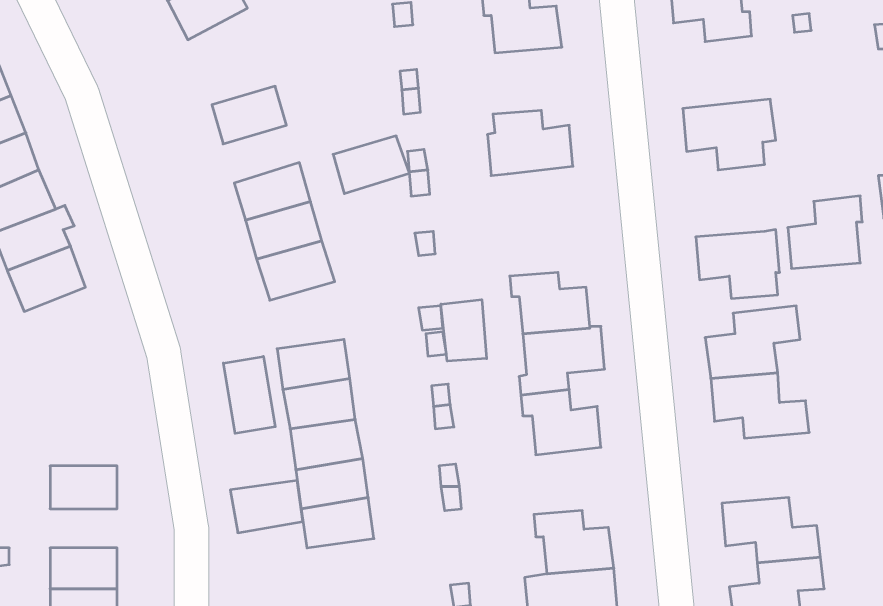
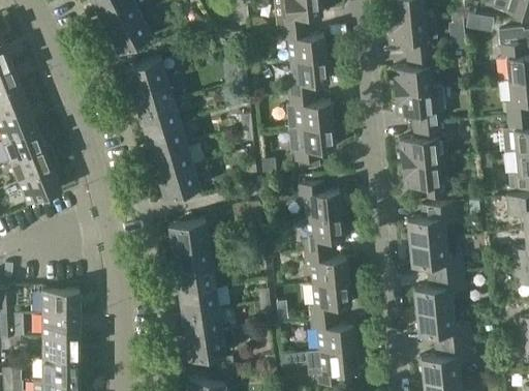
building: none -> [392,51,434,91]
building: none -> [125,57,167,89]
building: none -> [287,57,329,94]
building: [333,136,409,194] -> [138,100,181,132]
building: none -> [294,123,335,161]
building: [788,196,862,268] -> [399,122,440,162]
building: [441,300,487,361] -> none
building: [223,356,275,433] -> none
building: none -> [413,271,465,310]
building: none -> [310,279,350,317]
building: [230,481,303,533] -> [185,330,225,359]
building: none -> [42,313,80,335]

